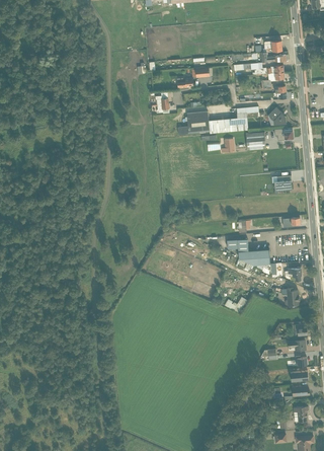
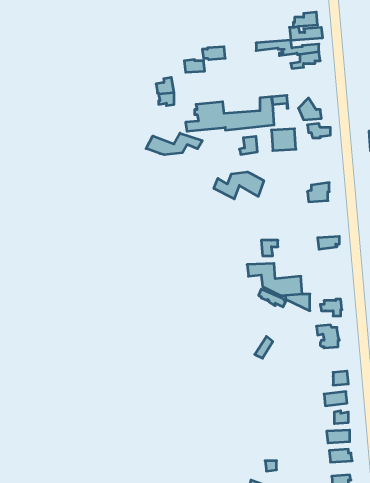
building: none -> [146,133,202,155]
building: none -> [214,172,264,199]

